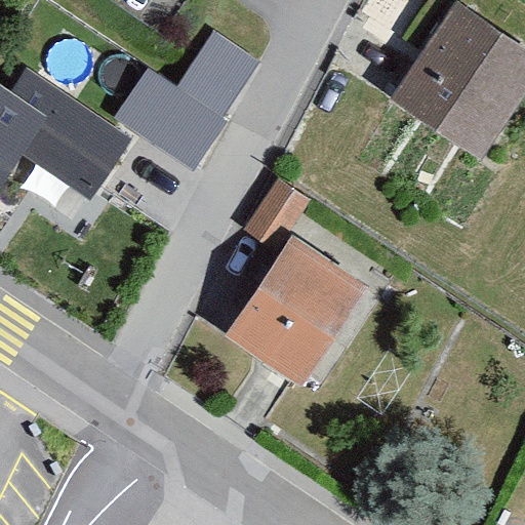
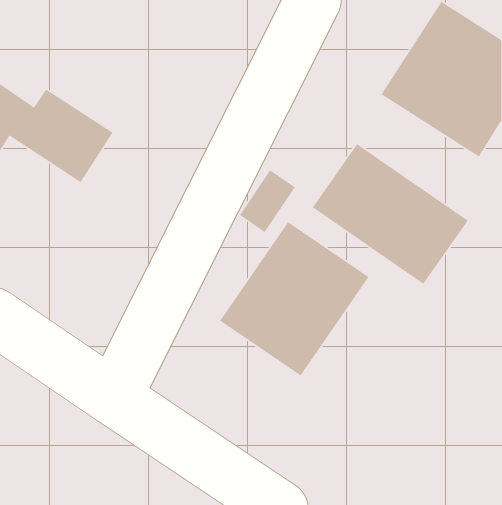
building: [113,29,260,167] -> none
building: none -> [312,143,469,285]

